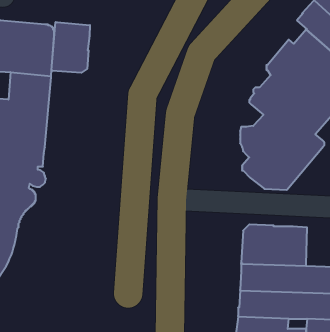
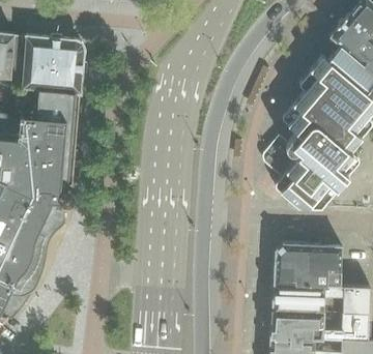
building: [51,22,90,73] -> none

